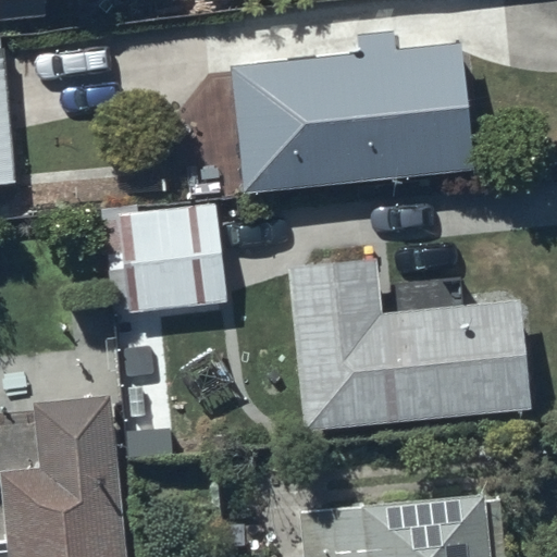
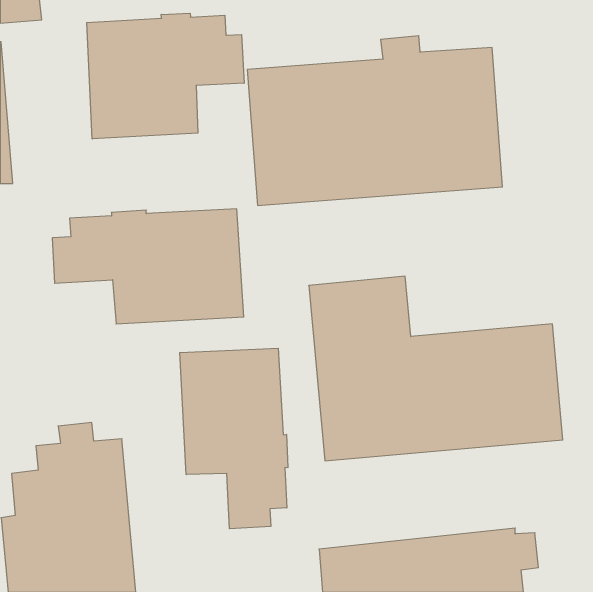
building: none -> [87,13,244,139]
building: none -> [180,348,288,529]

